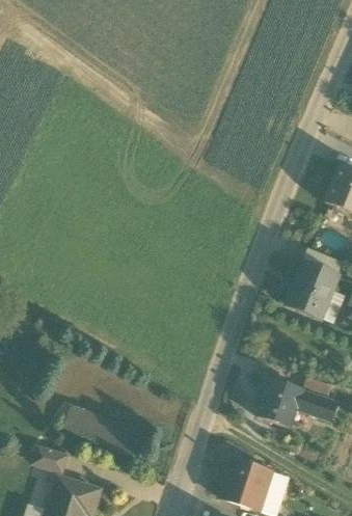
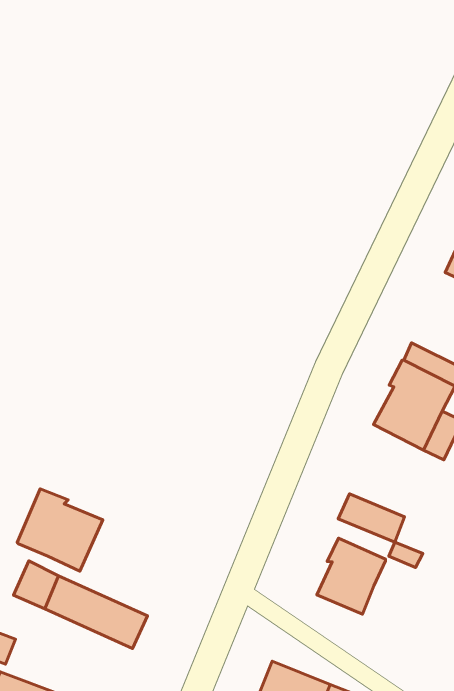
building: none -> [17,489,103,571]
building: [293,389,335,418] -> [338,494,404,542]

